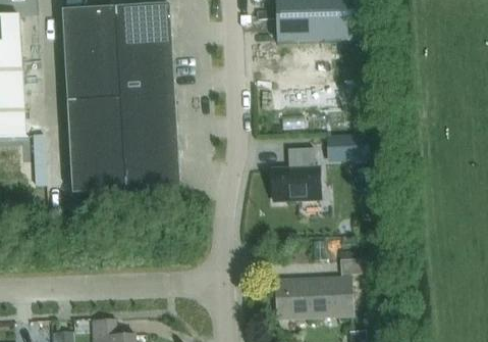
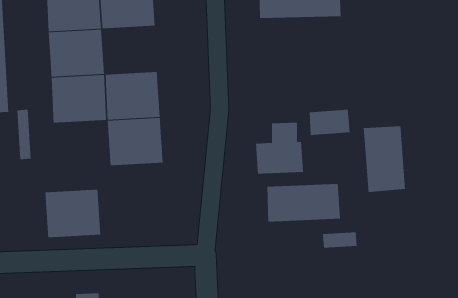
building: [118,50,174,99] -> none
building: [69,145,126,194] -> [44,189,101,238]
building: none -> [363,125,406,193]
building: [277,278,351,316] -> [267,183,341,222]

